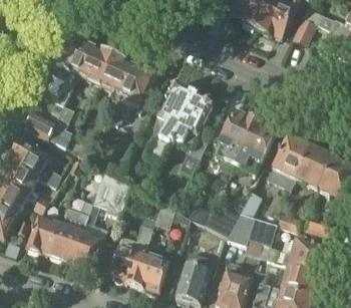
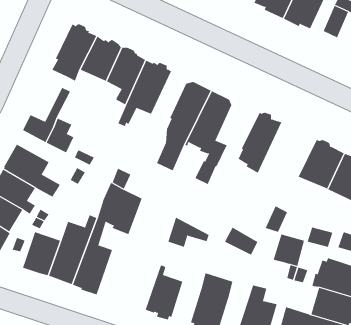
building: [235,118,276,173] -> none
building: [227,212,255,245] -> none
building: [110,224,153,284] -> none

